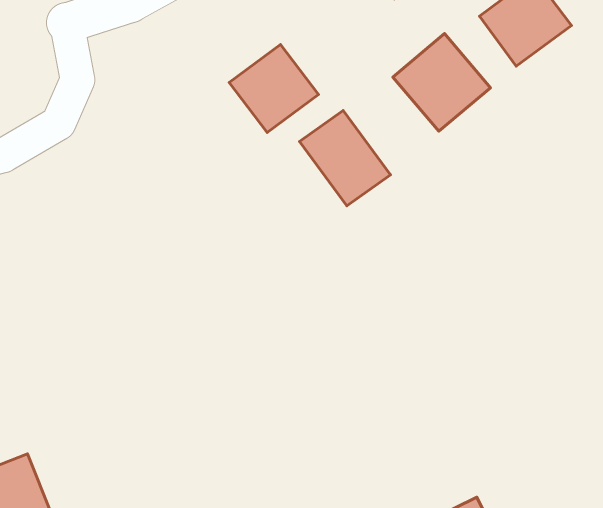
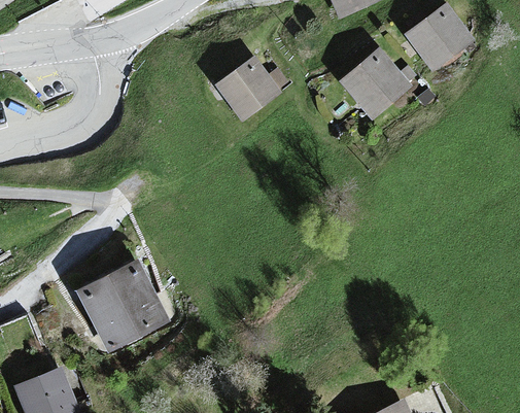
building: [299,110,390,206] -> none
building: none -> [74,260,169,353]

